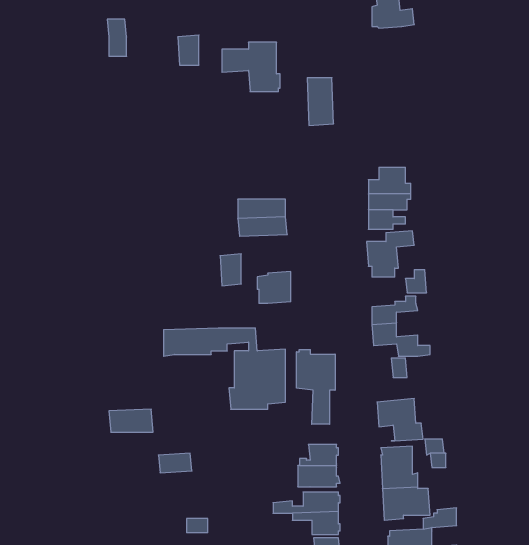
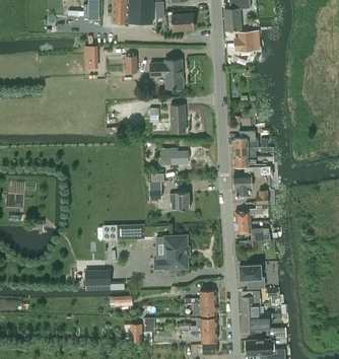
building: [307,78,334,125] -> [171,104,186,132]
building: [297,350,335,424] -> none

